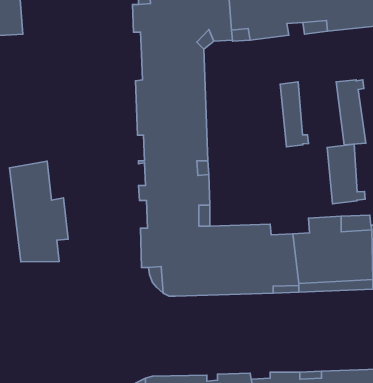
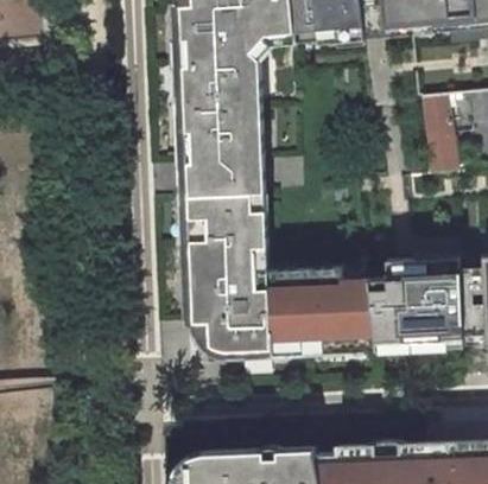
building: [280,82,308,147] -> none
building: [327,144,365,204] -> none
building: [9,161,68,262] -> none

